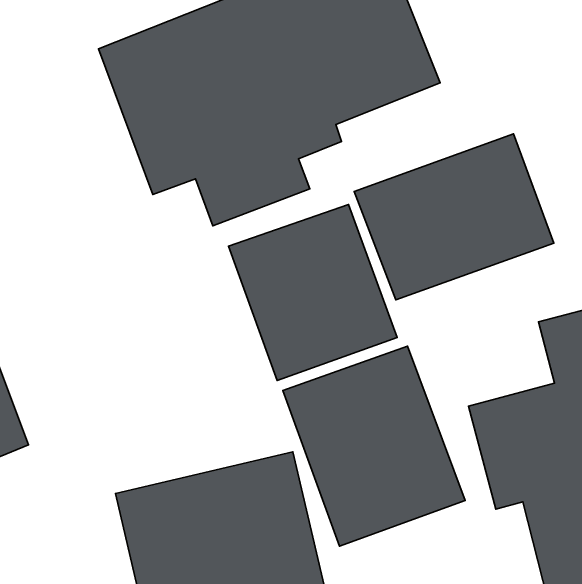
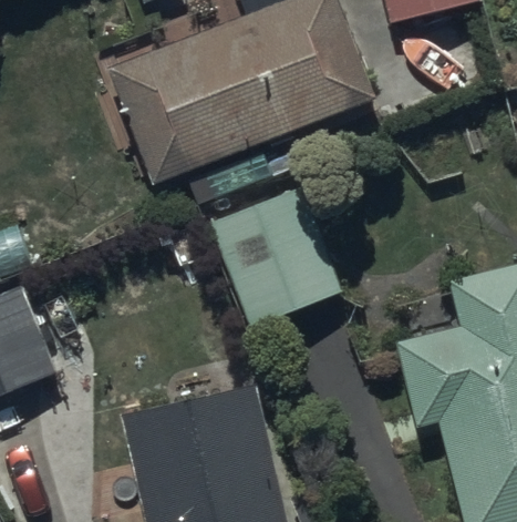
building: [354,134,554,300] -> none
building: [283,346,465,546] -> none

